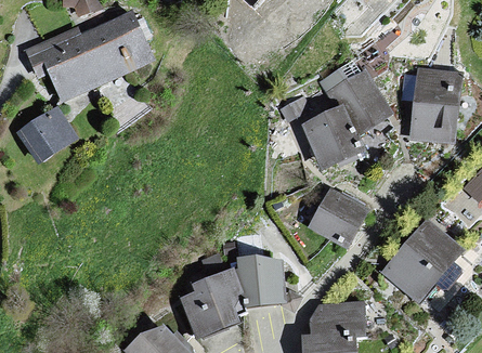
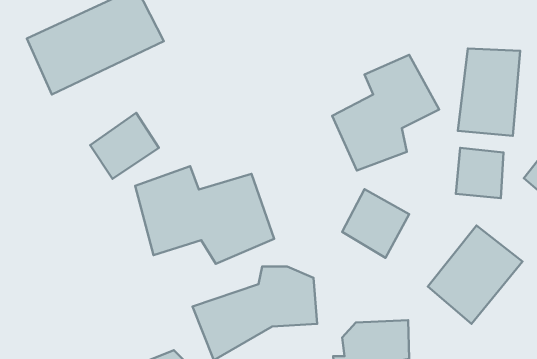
building: [15,105,75,162] -> [90,113,159,179]
building: none -> [456,148,503,198]
building: none -> [135,166,274,264]

